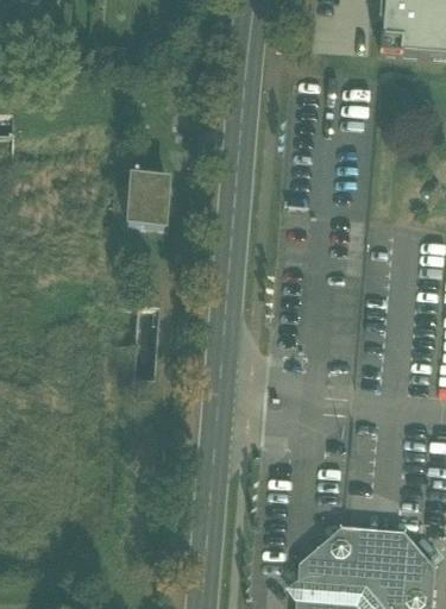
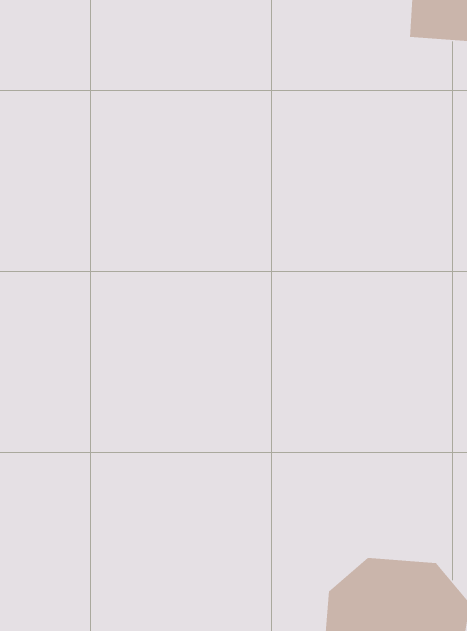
building: [127,177,167,226] -> none

